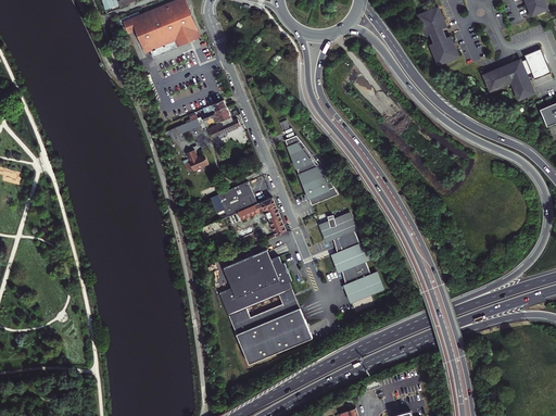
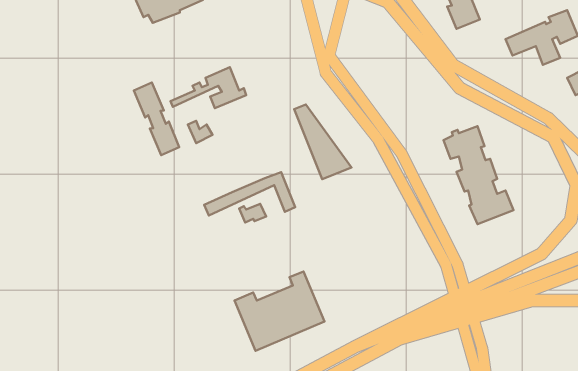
building: none -> [134,83,179,155]
building: [217,181,257,216] -> none
building: [319,211,384,302] -> [444,126,514,224]
building: [219,250,293,317] -> none

